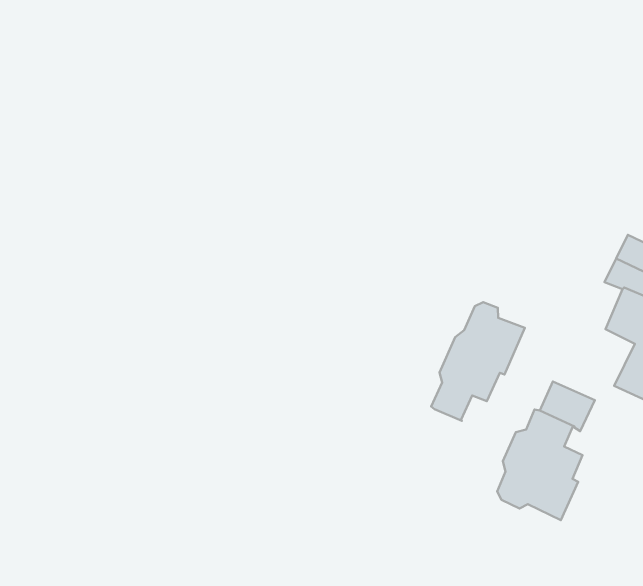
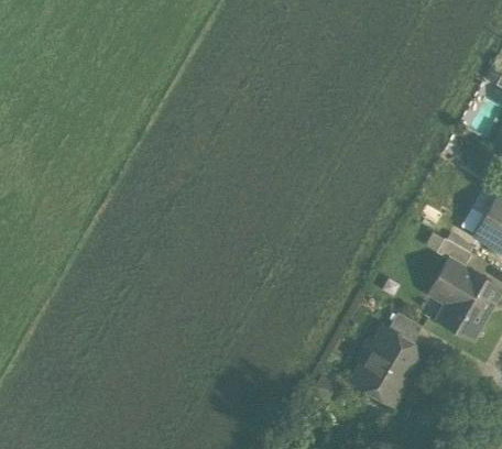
building: [431,302,525,421] -> none

